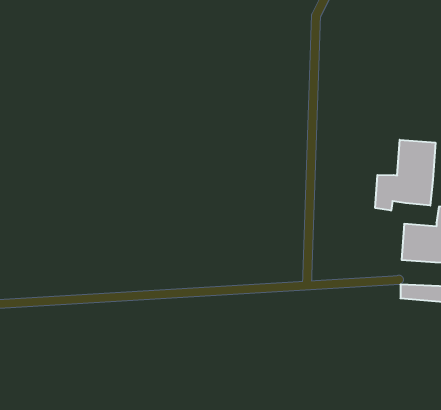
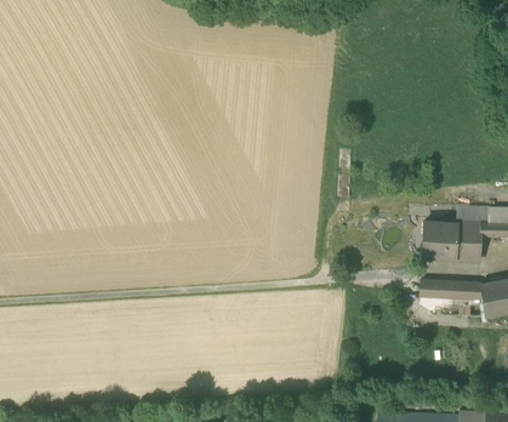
building: [375,140,435,211] -> none

